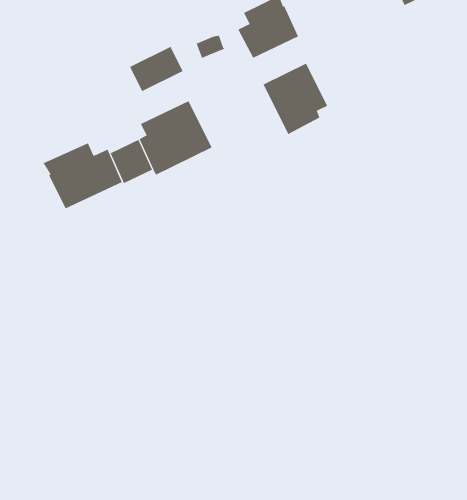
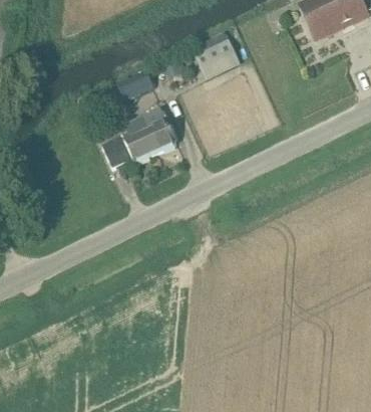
building: [263,63,328,135] -> none
building: [43,142,122,209] -> none

